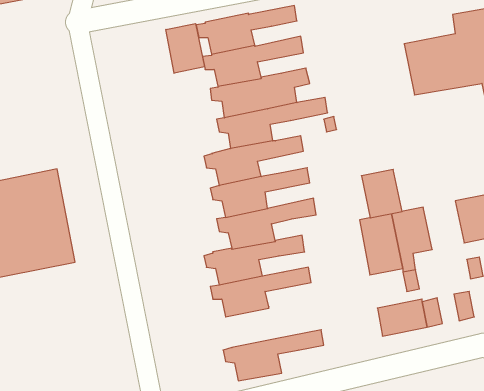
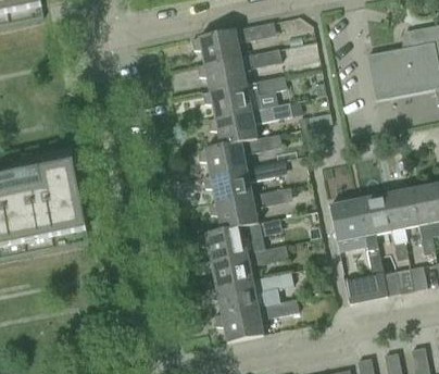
building: [166,24,205,73] -> none
building: [361,169,402,218] -> [384,188,418,229]
building: none -> [208,272,293,313]

